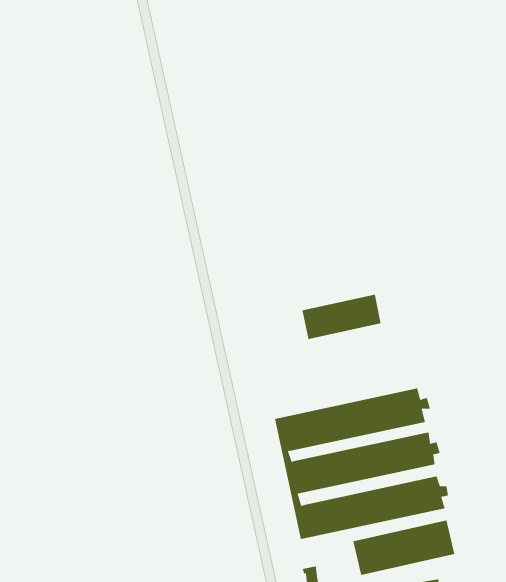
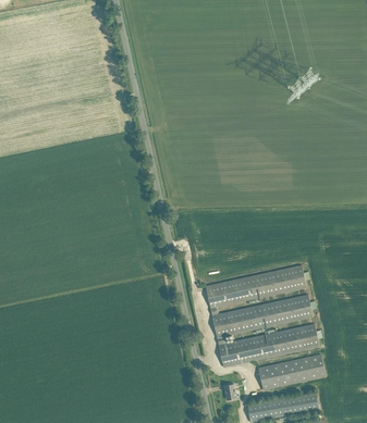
building: [302,294,381,340] -> none

